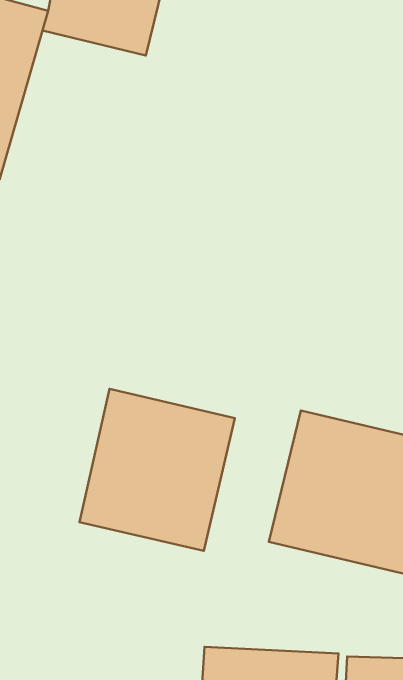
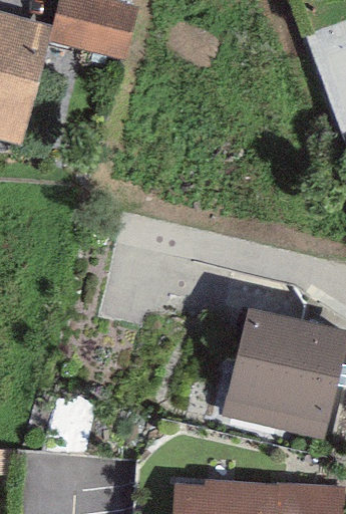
building: [79,389,235,551] -> none

